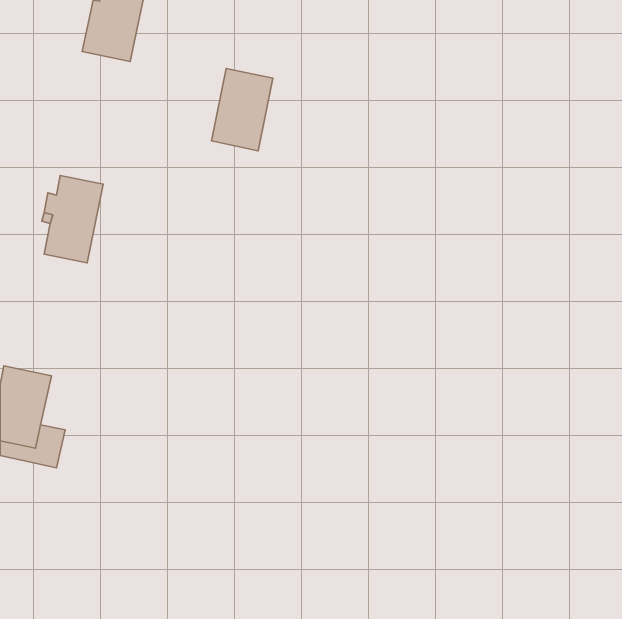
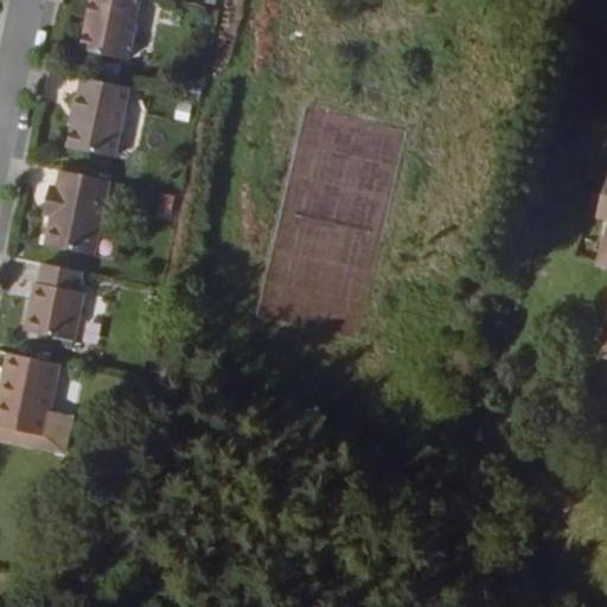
building: [211,68,273,151] -> [70,76,129,155]
building: none -> [26,263,84,339]

